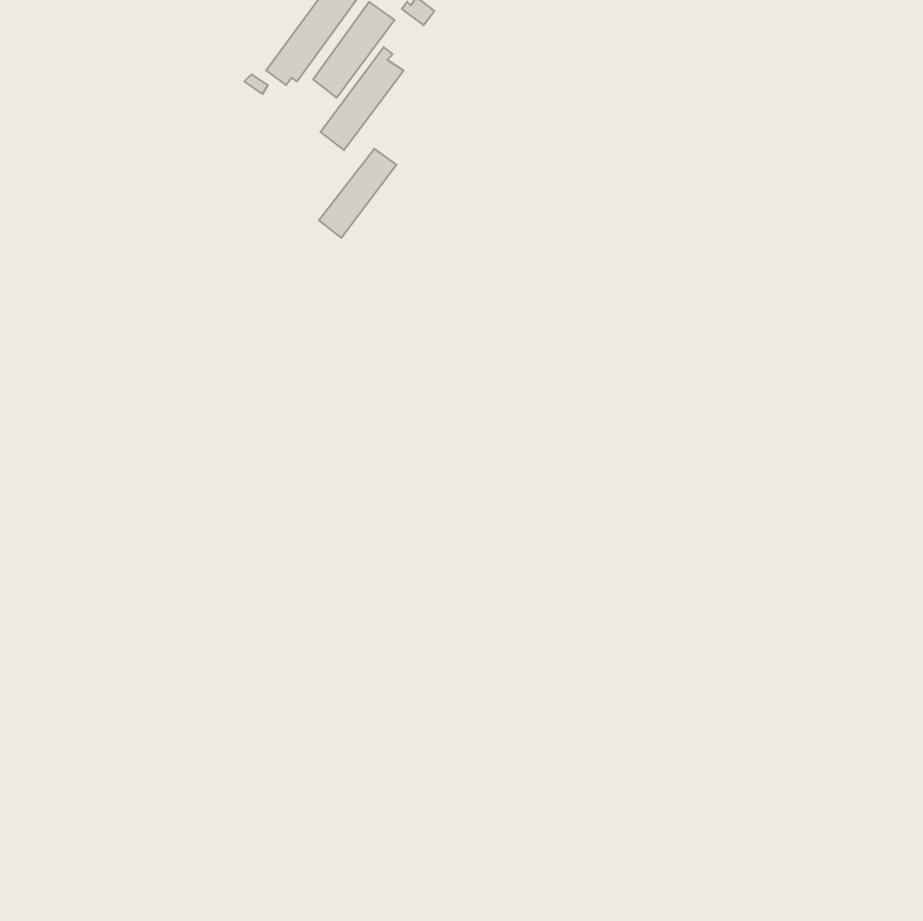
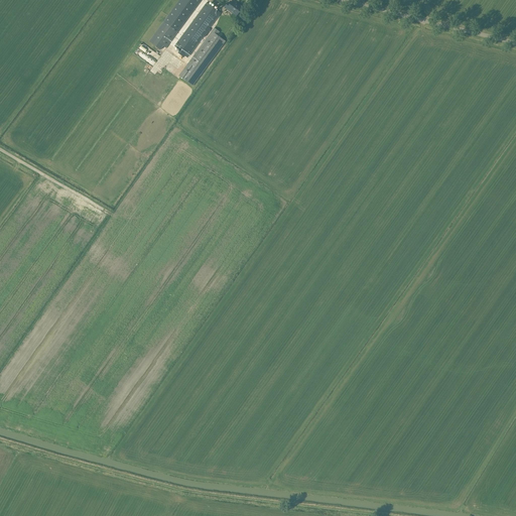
building: [319,149,396,238] -> none

